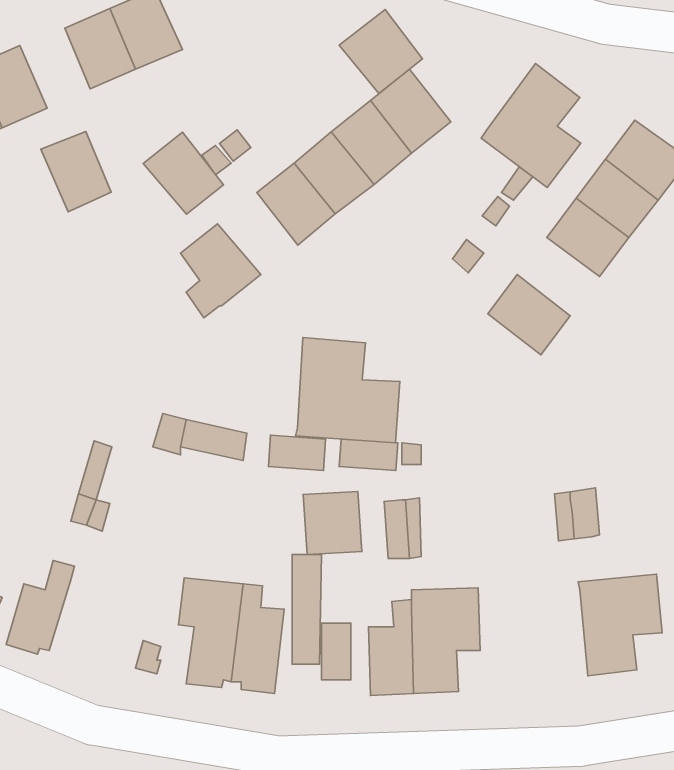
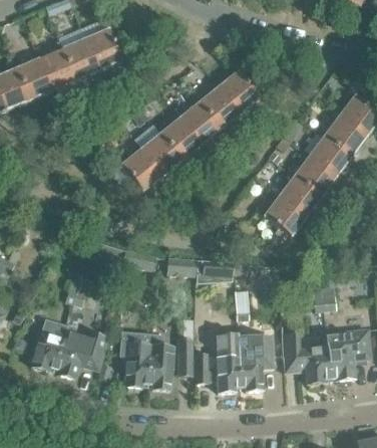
building: [339,10,423,93] -> none
building: [481,64,581,187] -> none
building: [41,132,111,212] -> [38,48,74,89]
building: [143,132,224,214] -> [139,133,180,175]
building: none -> [293,156,335,196]
building: none -> [263,195,305,236]
building: [296,338,400,443] -> none
building: [303,491,362,555] -> none
building: none -> [53,324,107,378]
building: none -> [282,331,329,383]

